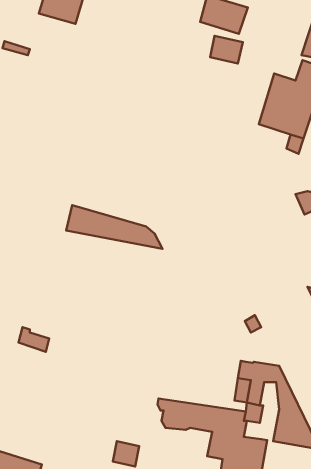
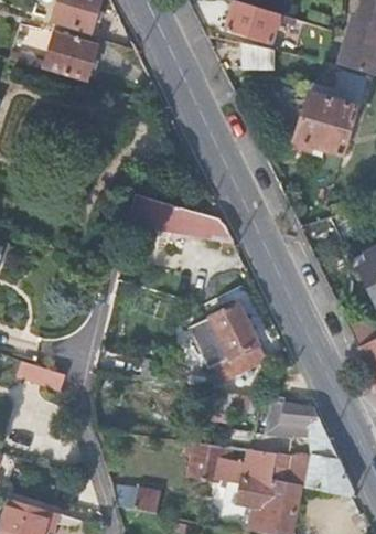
building: none -> [44,30,98,81]
building: [66,205,162,249] -> [130,194,235,242]
building: none -> [202,301,266,382]

